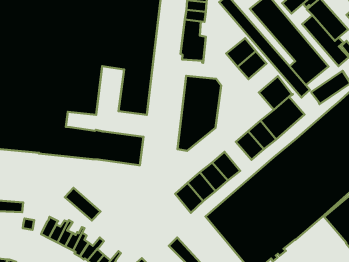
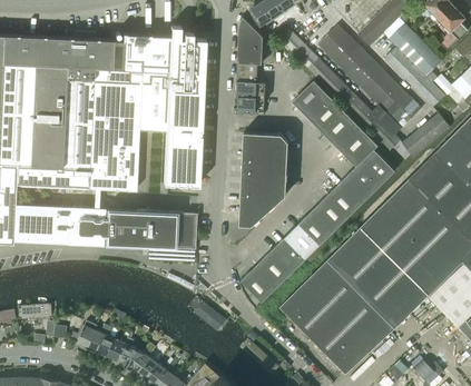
building: none -> [322,111,359,148]
building: none -> [298,211,333,247]
building: [65,188,101,221] -> [185,296,230,335]

